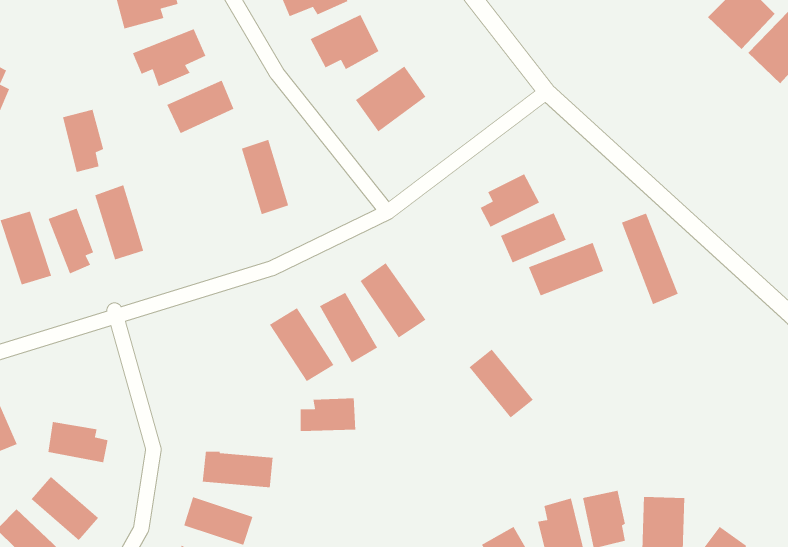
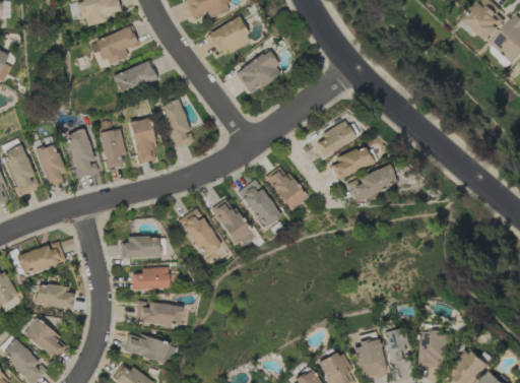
building: [62,109,104,173] -> [99,128,126,170]
building: none -> [131,119,156,164]
building: [621,212,679,305] -> none
building: [469,348,534,419] -> [264,165,307,210]
building: none -> [120,237,159,259]
building: none -> [17,244,65,273]
building: [300,398,356,432] -> [132,267,169,290]

